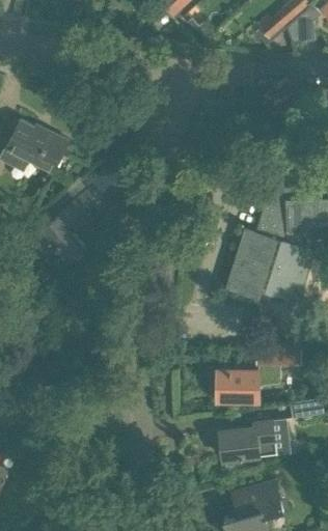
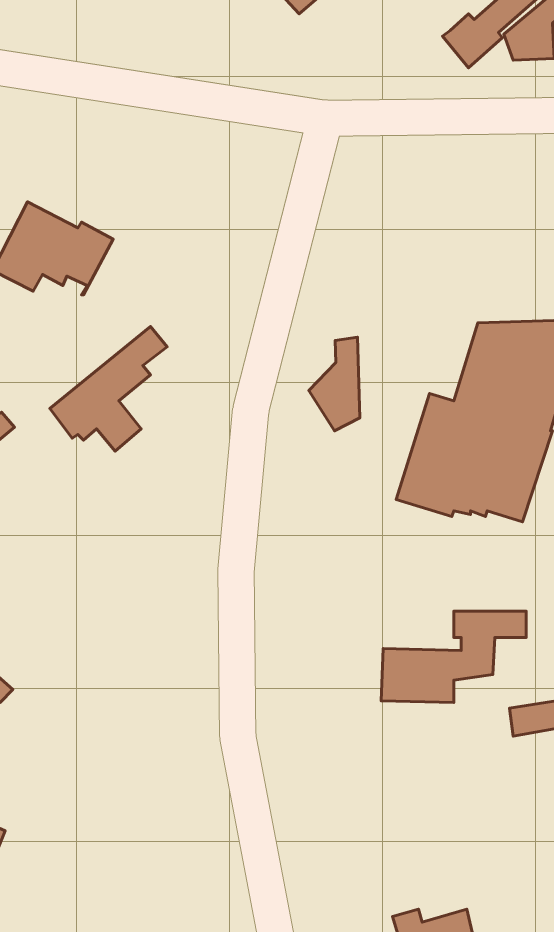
building: none -> [309,337,360,431]
building: [218,421,286,471] -> none
building: [230,482,282,524] -> none

